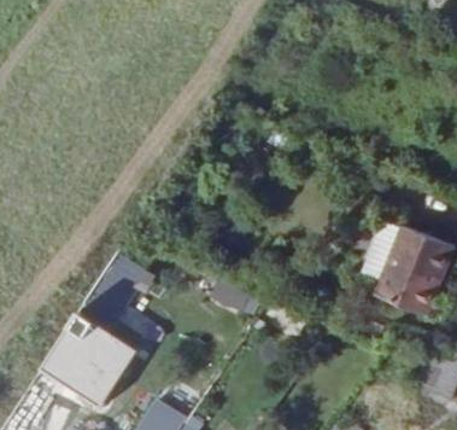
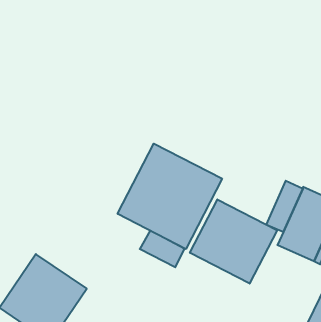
building: none -> [118,144,222,249]
building: none -> [190,199,277,284]

